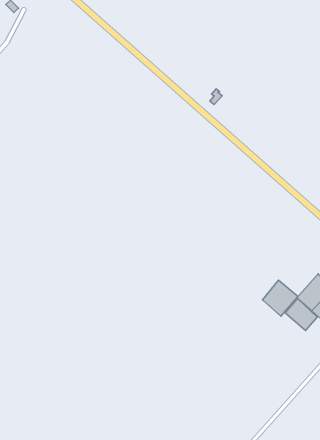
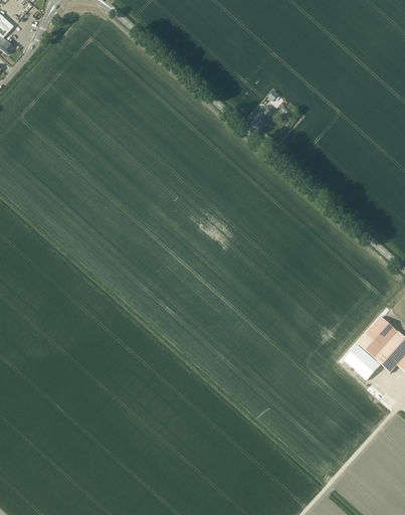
building: [262,280,298,316] -> none

